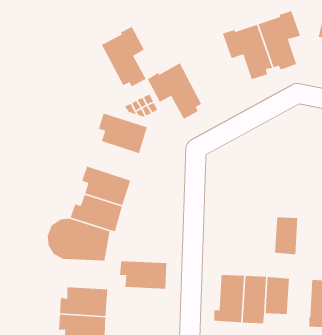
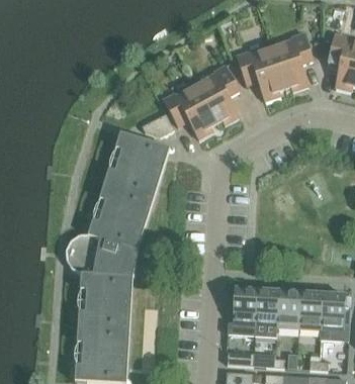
building: [101,26,147,87] -> [196,65,241,124]
building: none -> [105,160,157,197]
building: [274,217,298,255] -> [300,292,324,329]
building: [119,260,167,290] -> [81,274,127,302]

